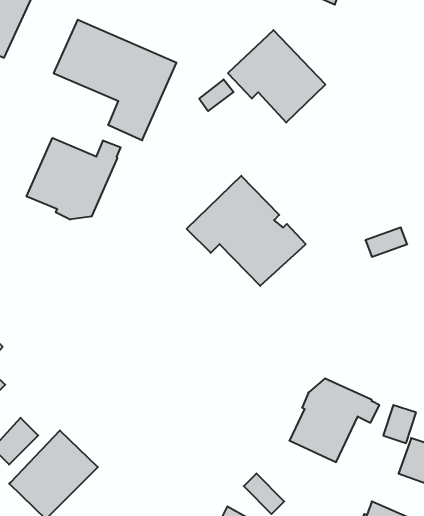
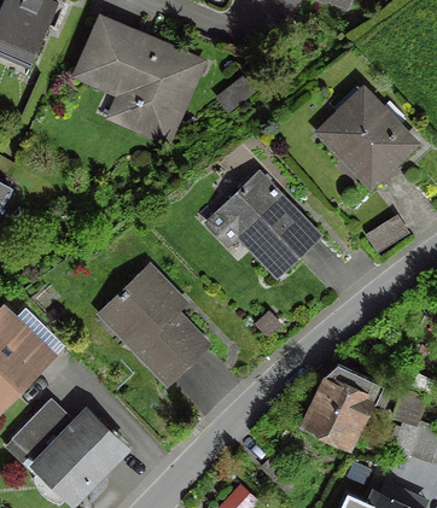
building: [228,30,325,123] -> [320,92,413,180]
building: [27,138,121,220] -> none
building: none -> [106,267,206,383]

